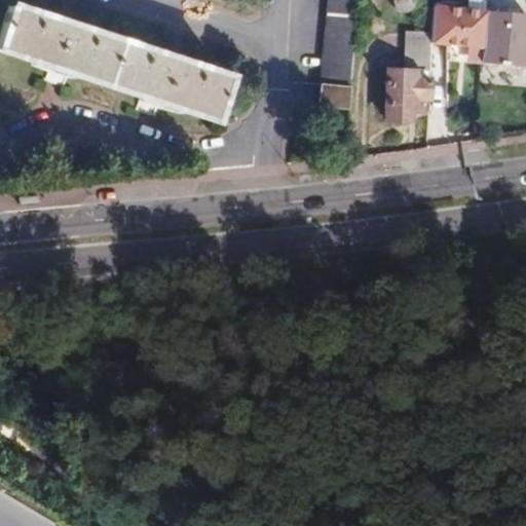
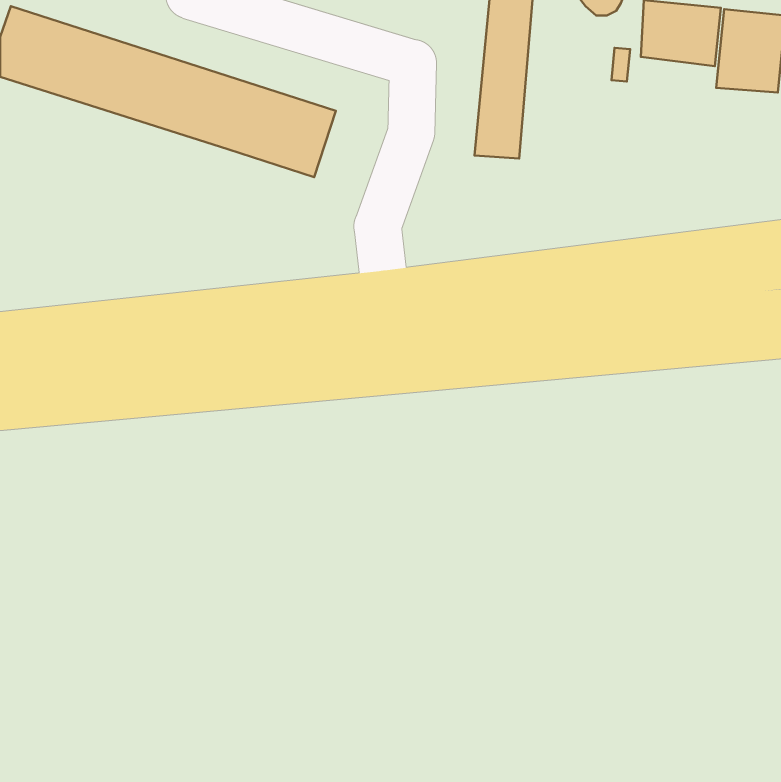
building: [387,65,430,116] -> none

